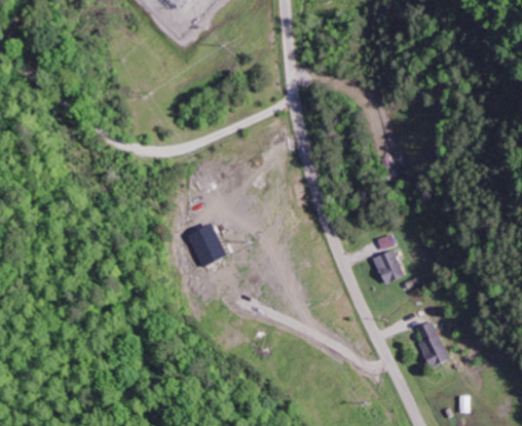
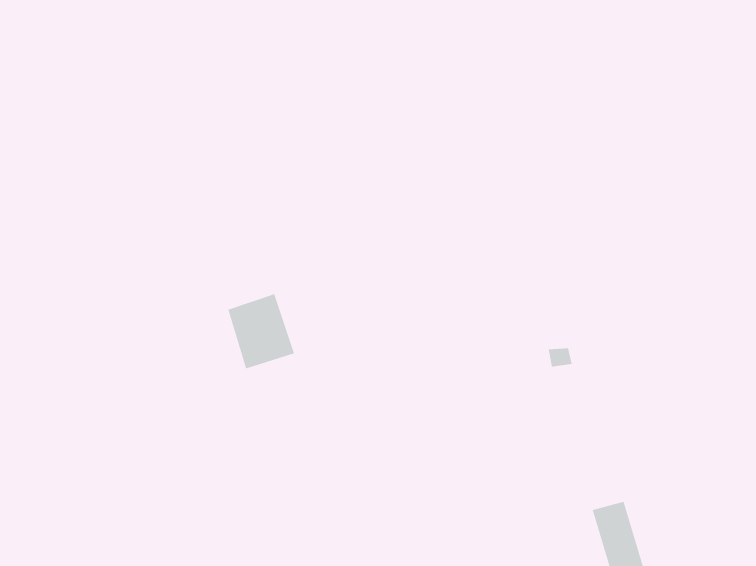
building: [374,249,404,283] -> none

